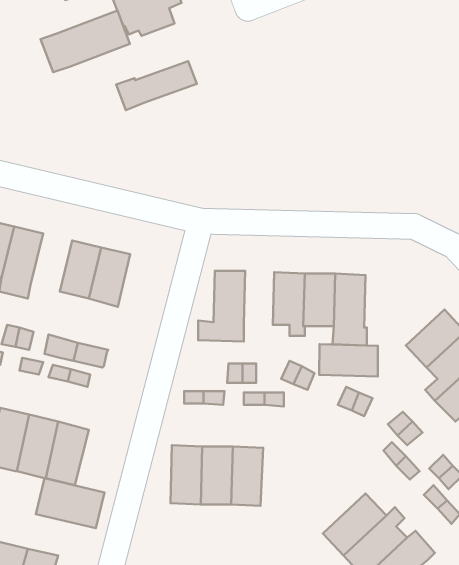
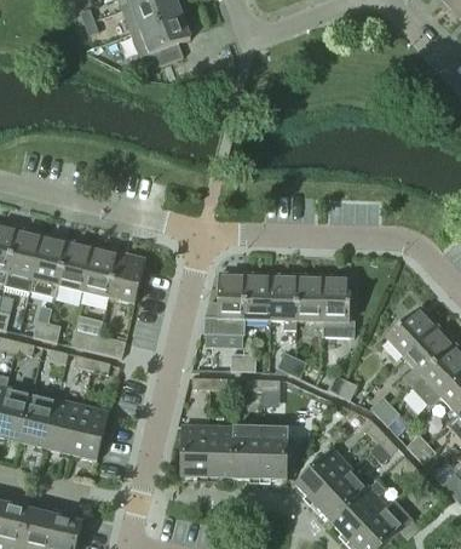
building: [41,11,130,72] -> none
building: [116,61,197,110] -> none
building: none -> [57,240,93,291]
building: none -> [243,273,270,320]
building: [319,344,378,377] -> none
building: none -> [258,428,287,480]
building: none -> [294,448,350,503]
building: [36,478,105,528] -> none

